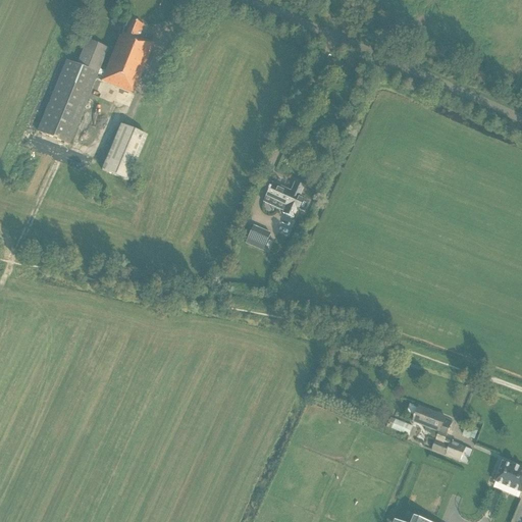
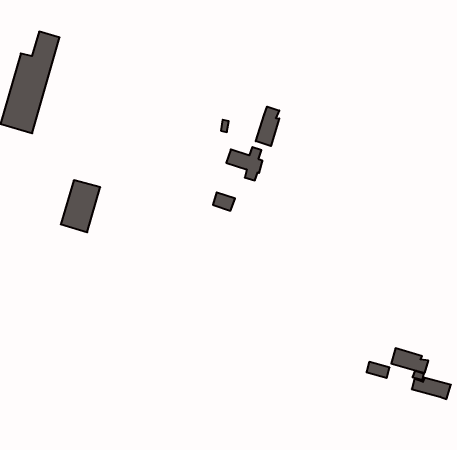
building: [101,17,153,92] -> none
building: [101,123,146,178] -> [61,180,100,232]
building: none -> [256,107,279,146]

